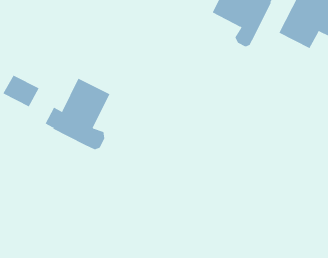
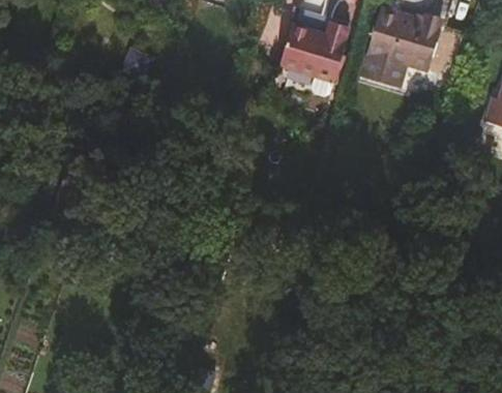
building: [45,78,110,150] -> none

